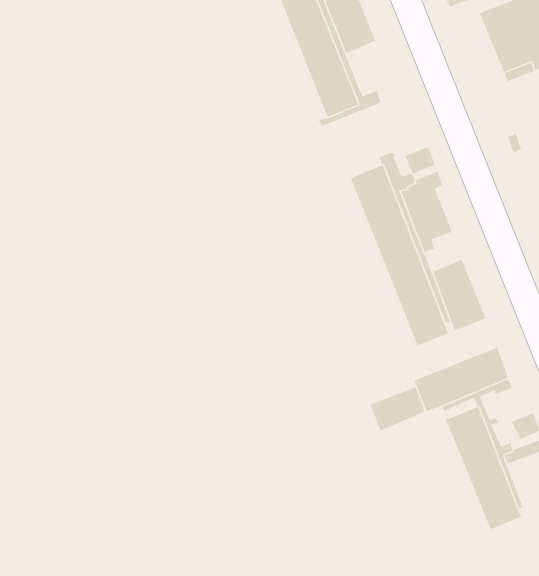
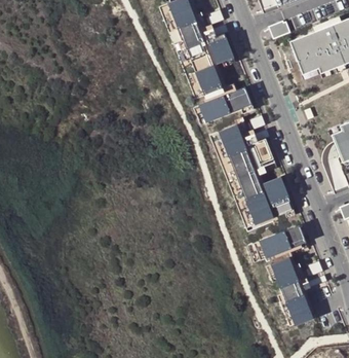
building: none -> [199,86,251,122]
building: [370,386,425,431] -> none

